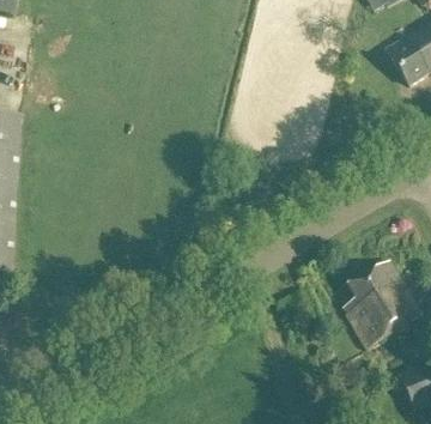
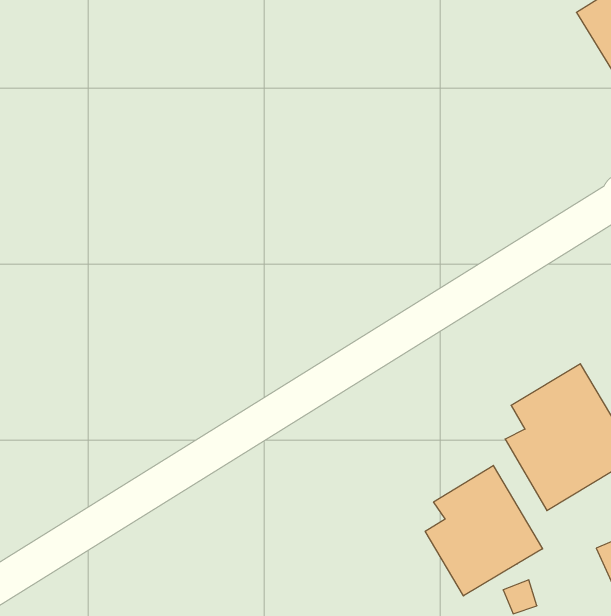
building: none -> [425,465,543,596]

